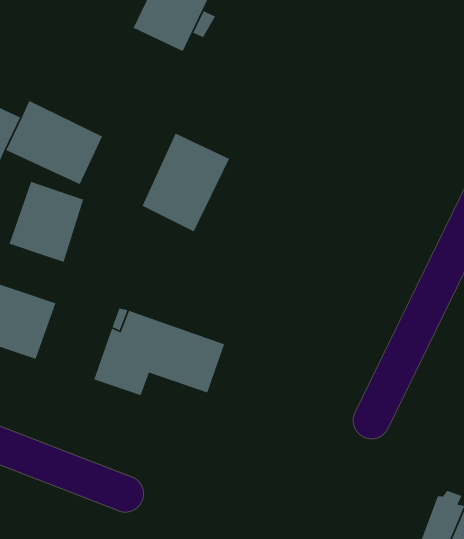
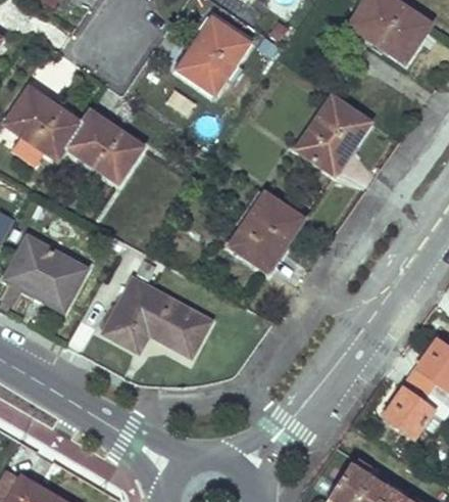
building: none -> [295,95,369,174]
building: [142,133,230,233] -> [229,193,302,272]
building: [8,181,84,263] -> none

